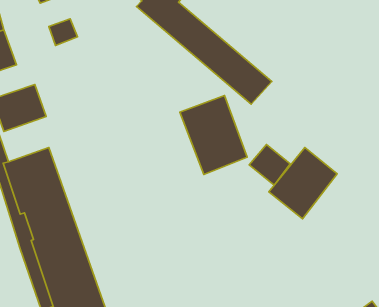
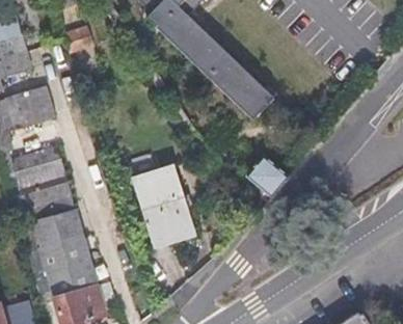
building: [180,96,247,175] -> [132,167,194,242]
building: [269,148,337,219] -> none

